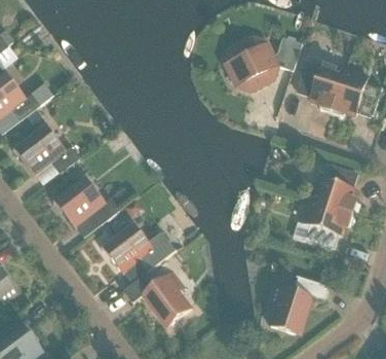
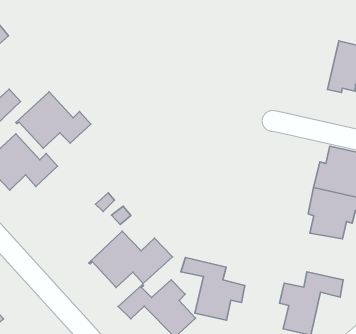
building: [226,37,303,91] -> none
building: [297,62,346,112] -> none
building: [52,177,120,227] -> [16,92,91,148]
building: none -> [181,258,245,320]

